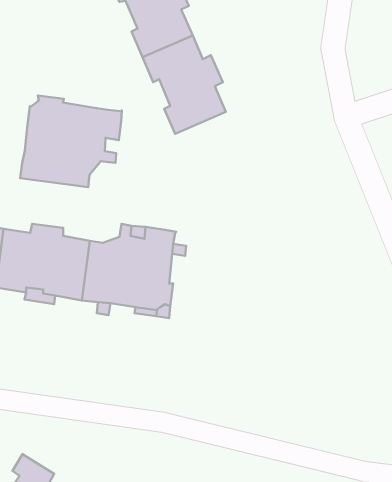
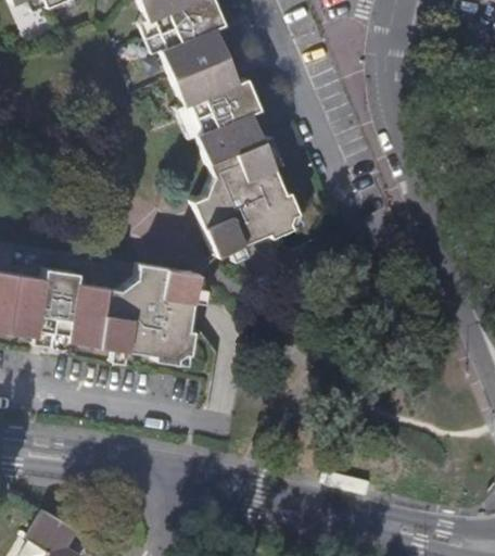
building: [20,95,122,187] -> none
building: none -> [193,140,305,256]

